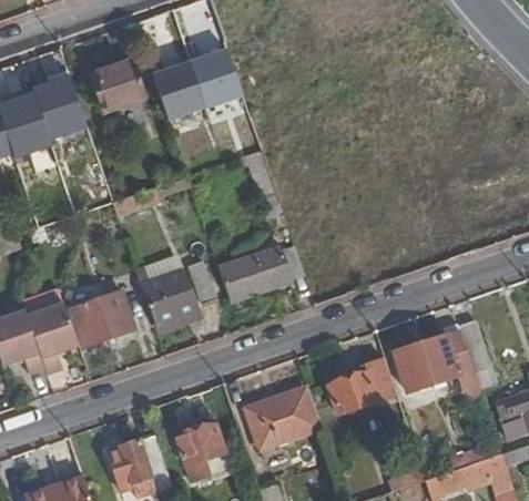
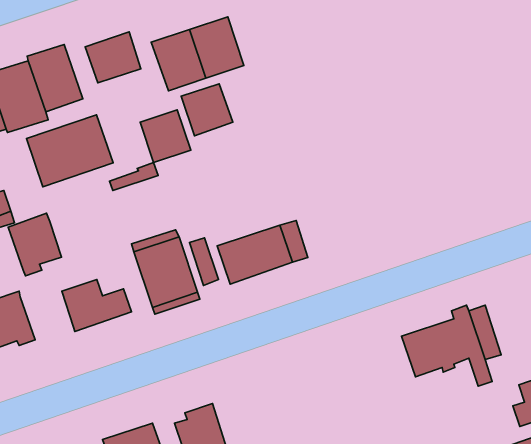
building: none -> [181,84,233,136]
building: none -> [140,110,191,163]
building: none -> [26,115,113,187]
building: [28,301,79,361] -> [8,213,61,276]
building: [326,358,395,415] -> none
building: [245,389,316,448] -> none

